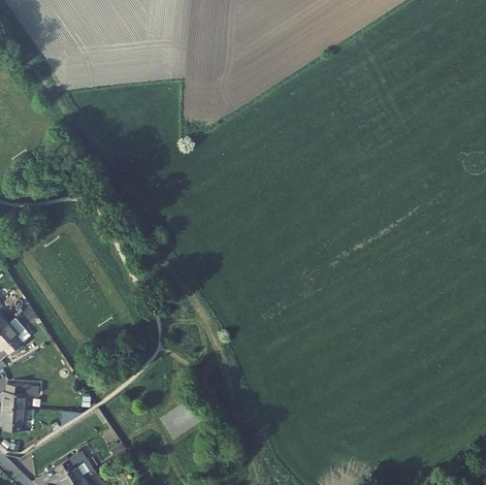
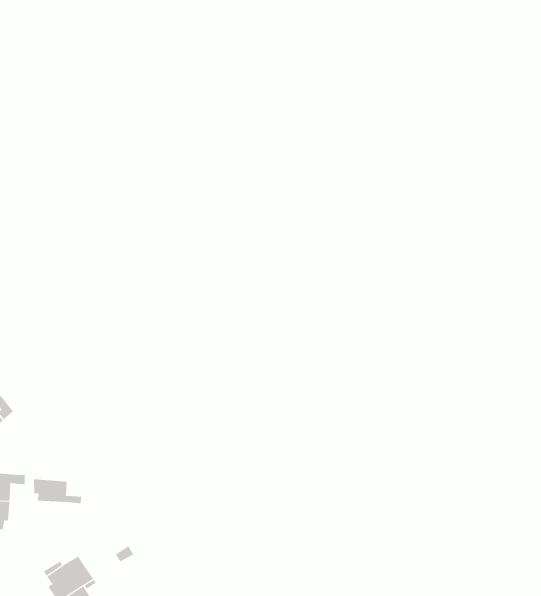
building: none -> [33,478,82,504]

